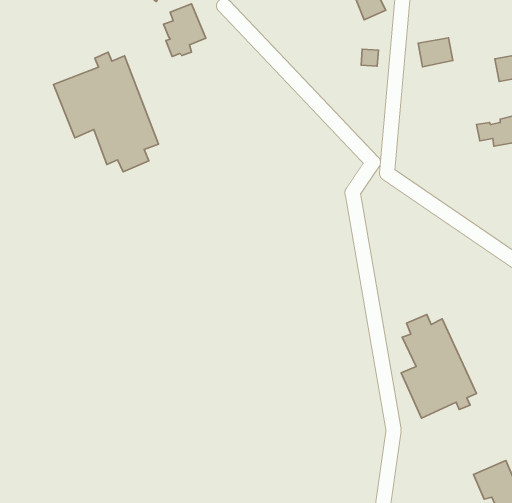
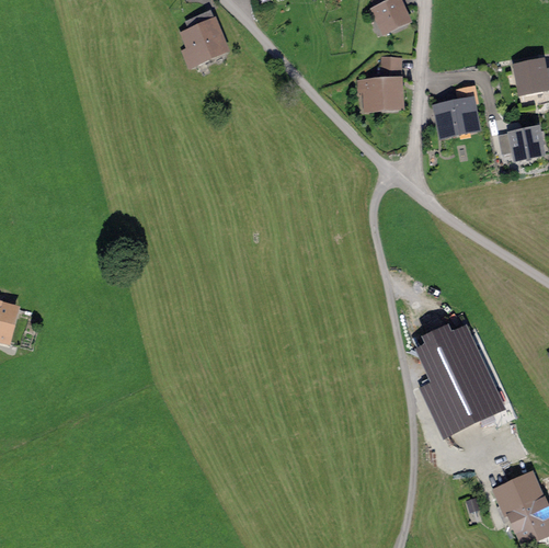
building: [418,38,453,67] -> [441,103,476,133]
building: [53,52,159,172] -> none
building: none -> [368,81,400,106]

